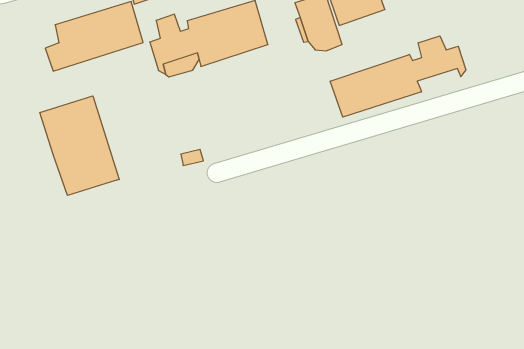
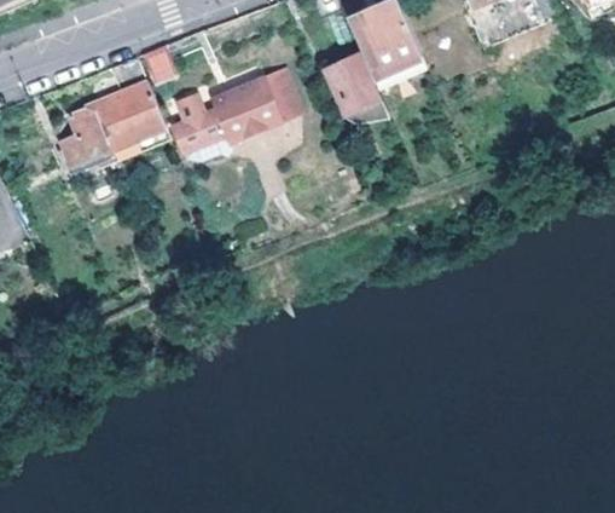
building: [330,36,466,117] -> none
building: [40,96,119,195] -> none

